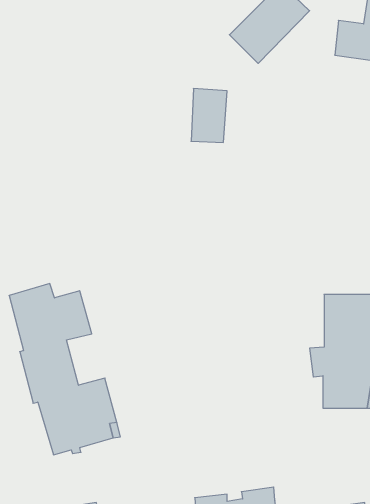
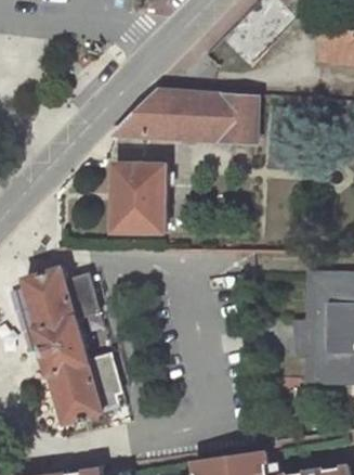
building: none -> [114,89,189,139]
building: none -> [217,93,255,142]
building: none -> [113,164,163,230]

